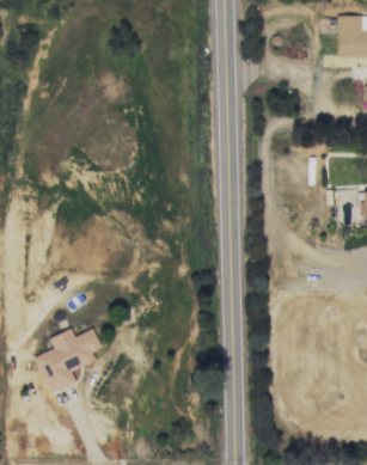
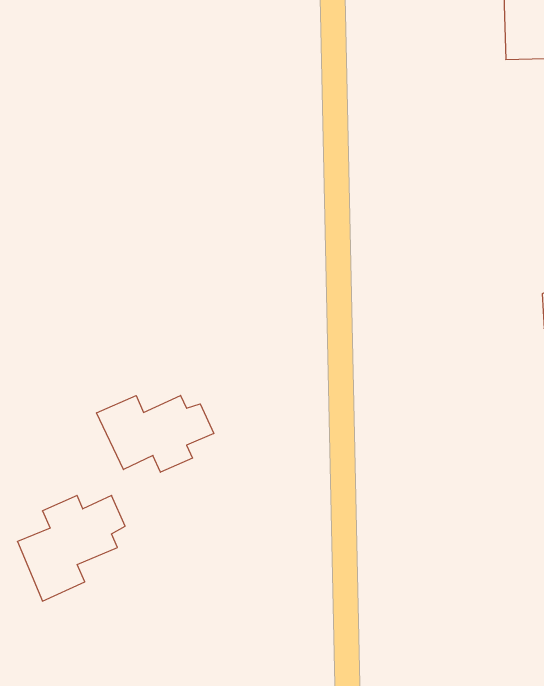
building: none -> [97,395,214,472]

